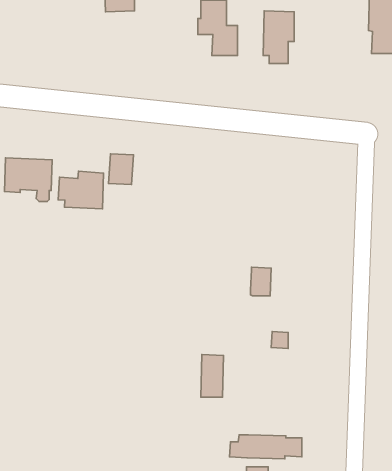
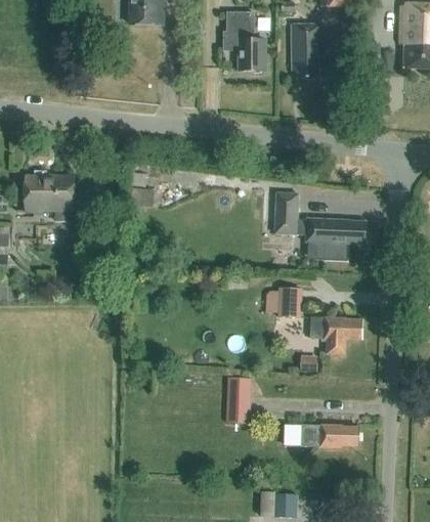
building: [58,171,104,209] -> none
building: none -> [274,192,364,260]
building: none -> [310,317,361,354]
building: [229,435,302,459] -> [284,424,358,448]

